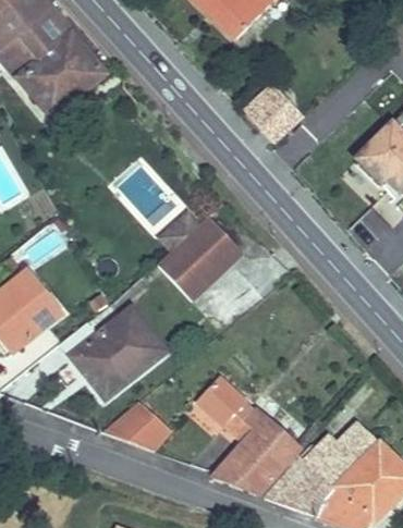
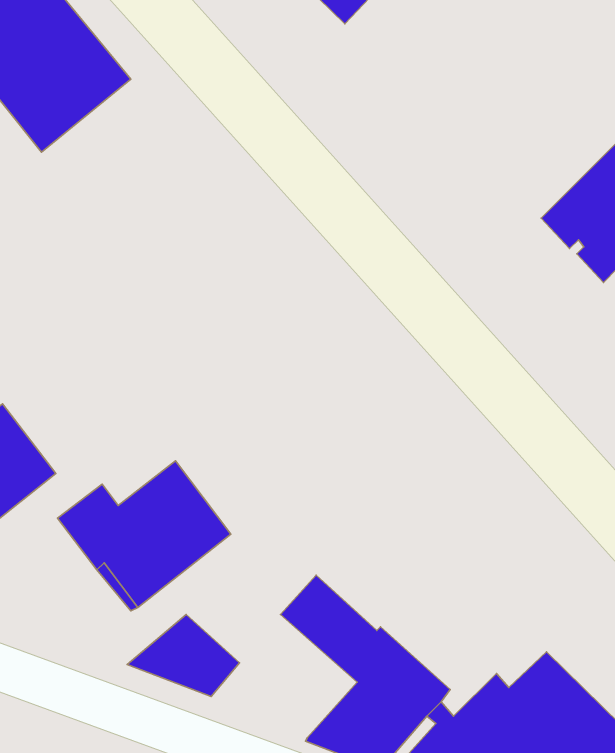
building: [247,85,301,140] -> none
building: [158,217,243,300] -> none

